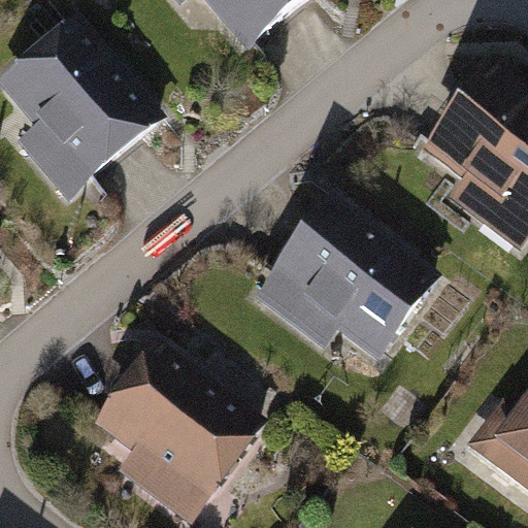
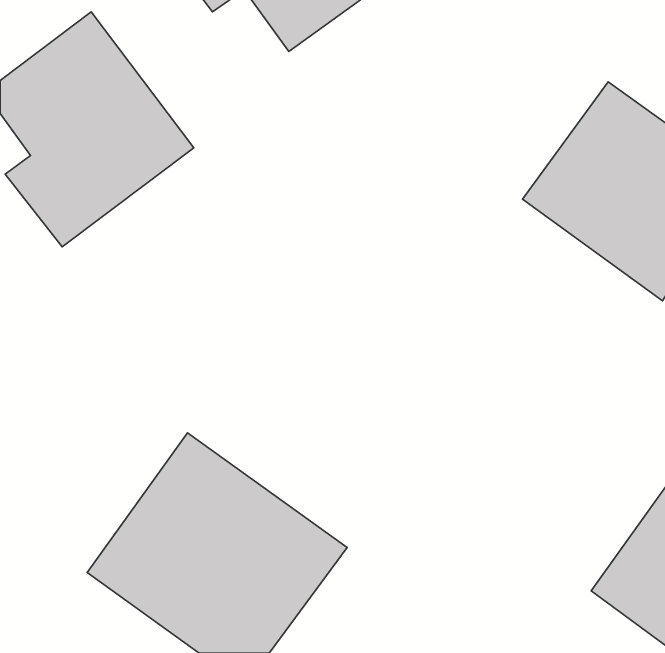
building: [261,191,447,368] -> none

